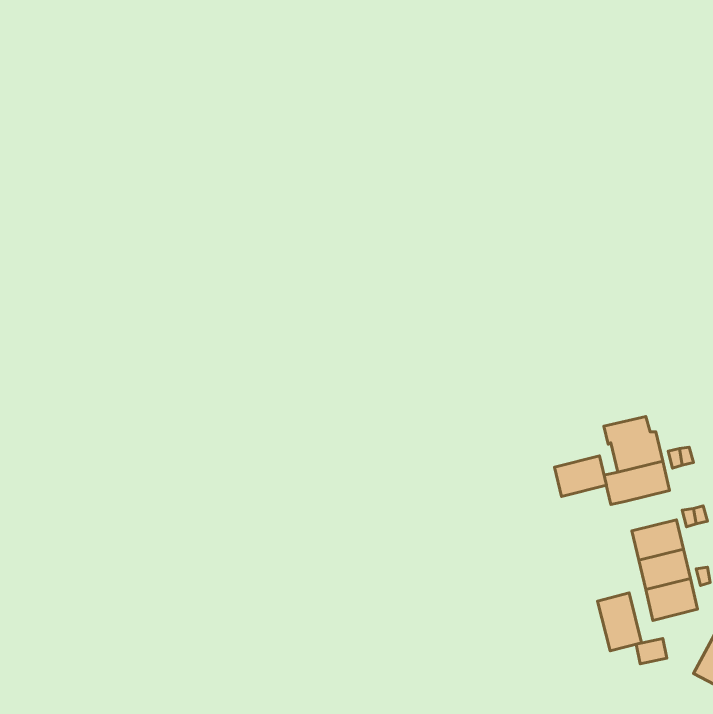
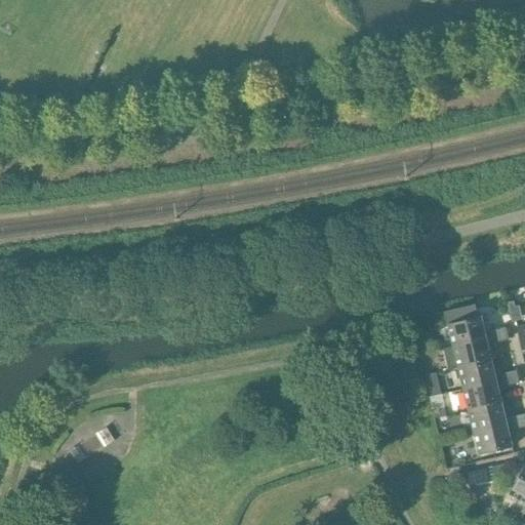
building: [555,456,606,496] -> [459,360,497,390]
building: [598,593,641,651] -> none

